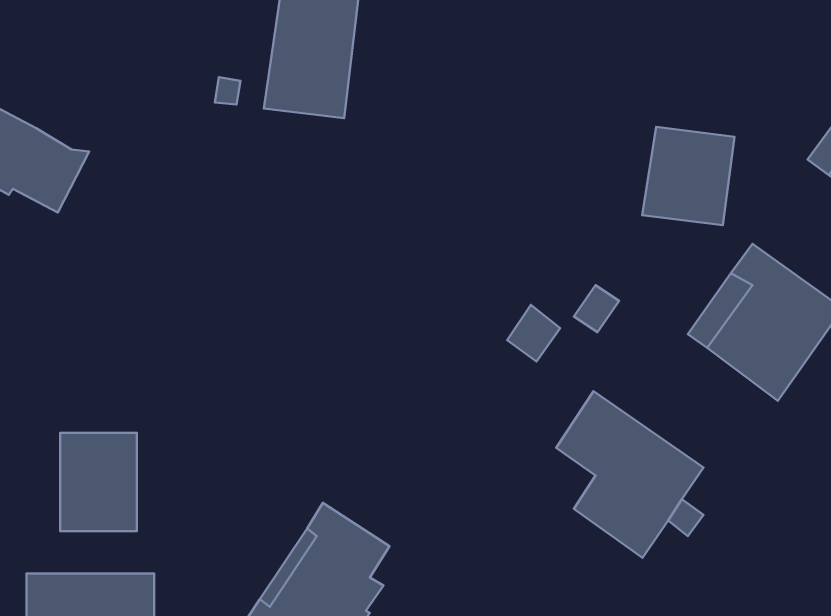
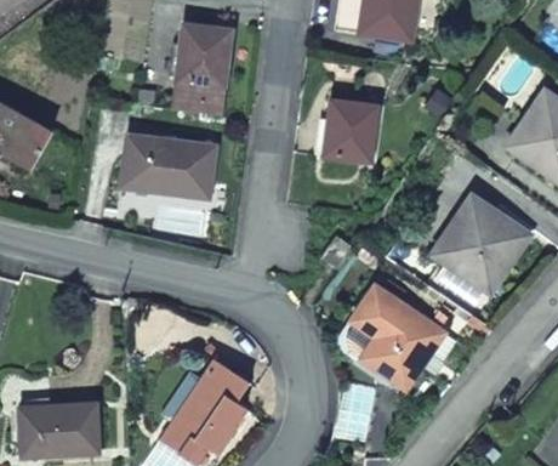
building: [642,127,735,225] -> [321,103,378,164]
building: none -> [136,131,224,184]
building: [60,433,137,531] -> none

